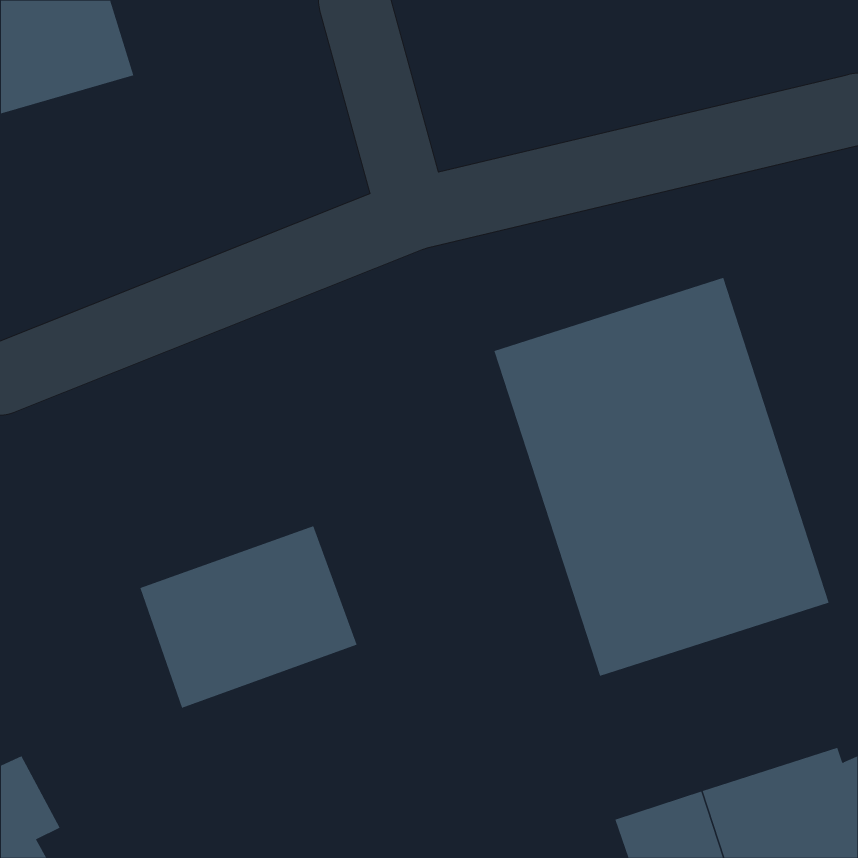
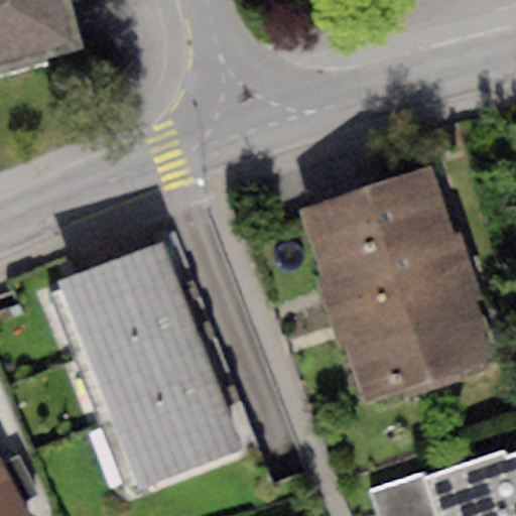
building: none -> [57,243,188,353]
building: none -> [109,387,239,490]

